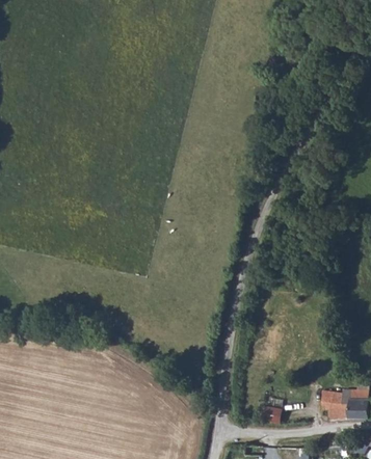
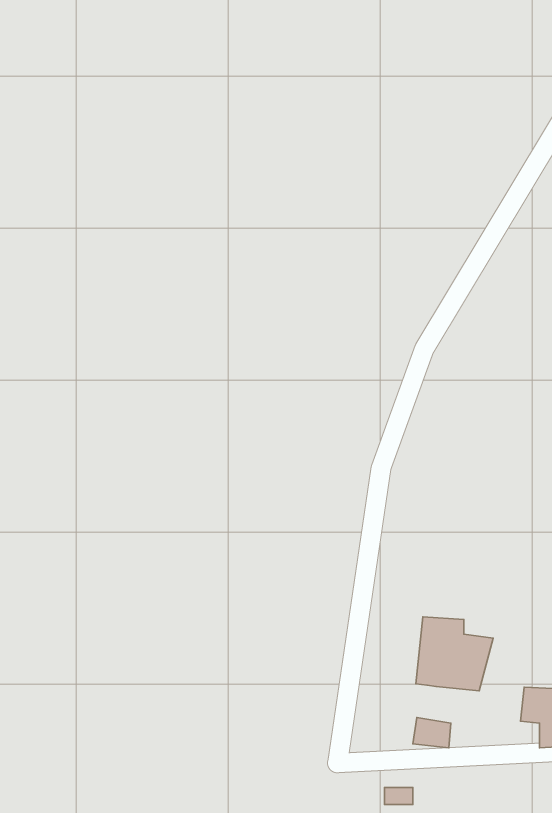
building: none -> [416,617,493,691]

